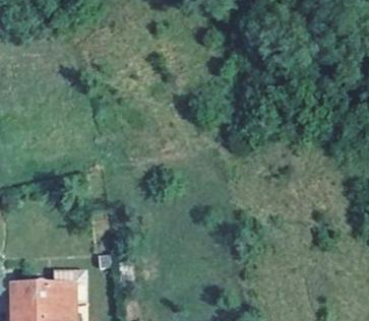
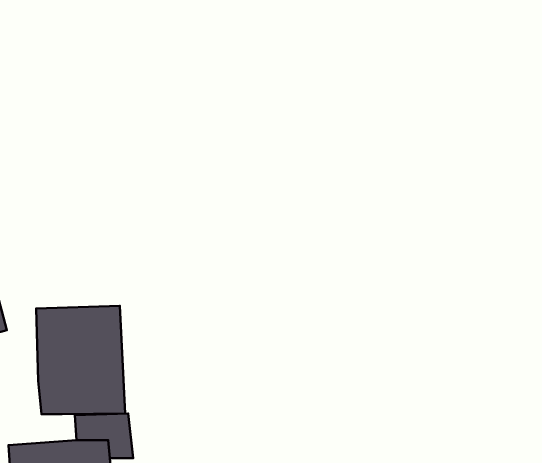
building: none -> [36,306,125,414]

